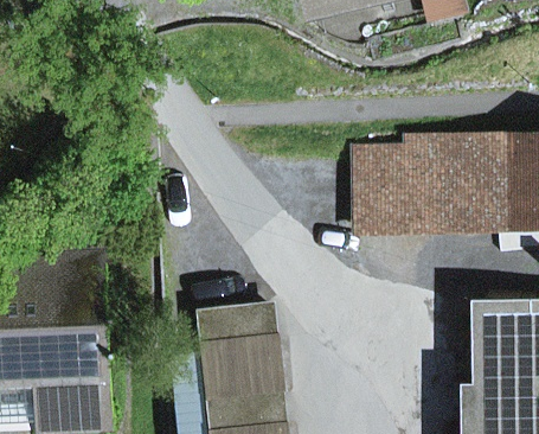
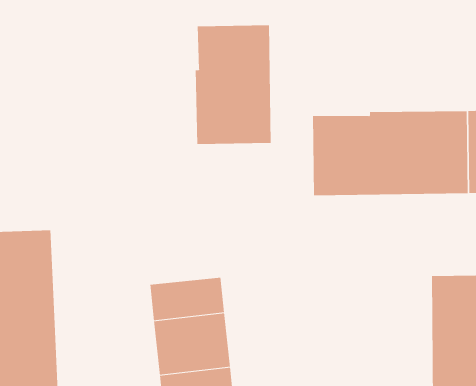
building: none -> [195,25,271,145]

